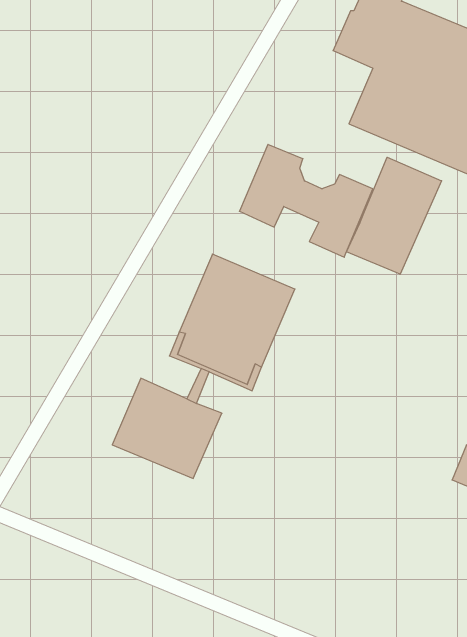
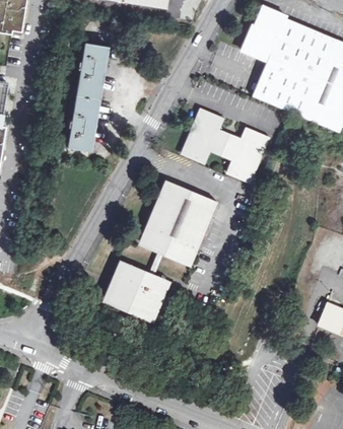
building: none -> [68,42,110,152]
building: [346,157,442,274] -> none

